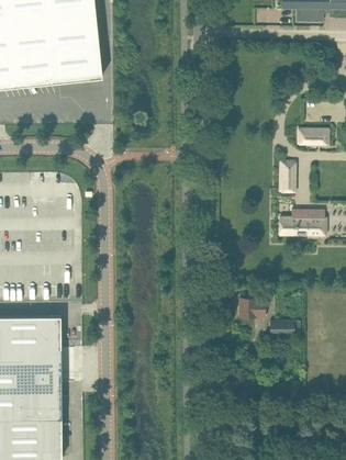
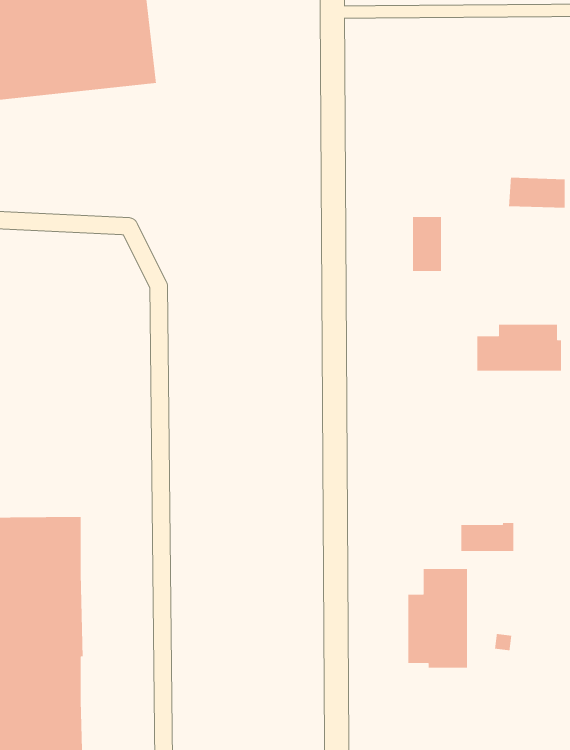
building: [278,161,294,192] -> [412,216,442,272]
building: [239,299,265,318] -> none
building: none -> [408,568,468,668]

